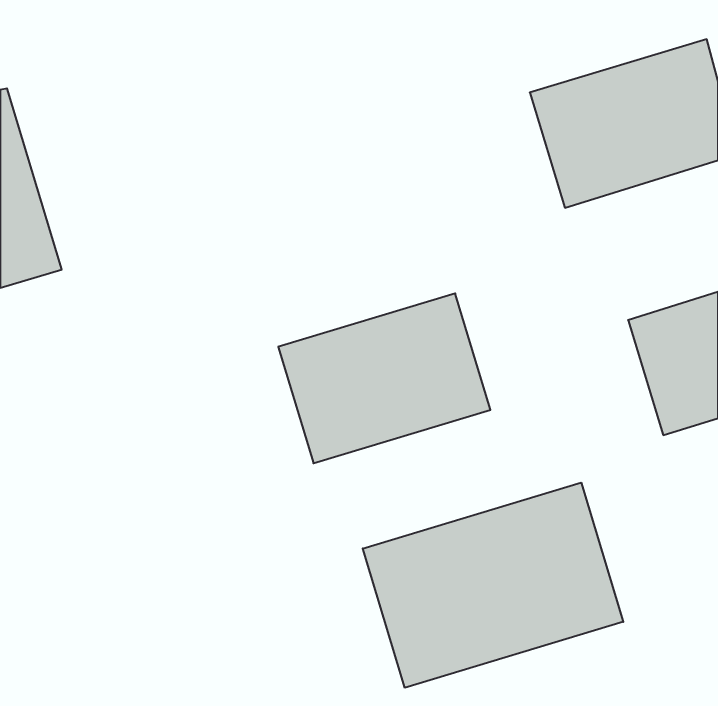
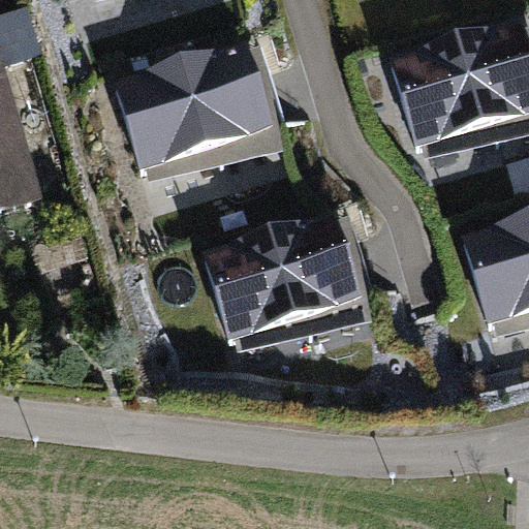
building: none -> [114,49,270,174]
building: [363,483,623,688] -> none

